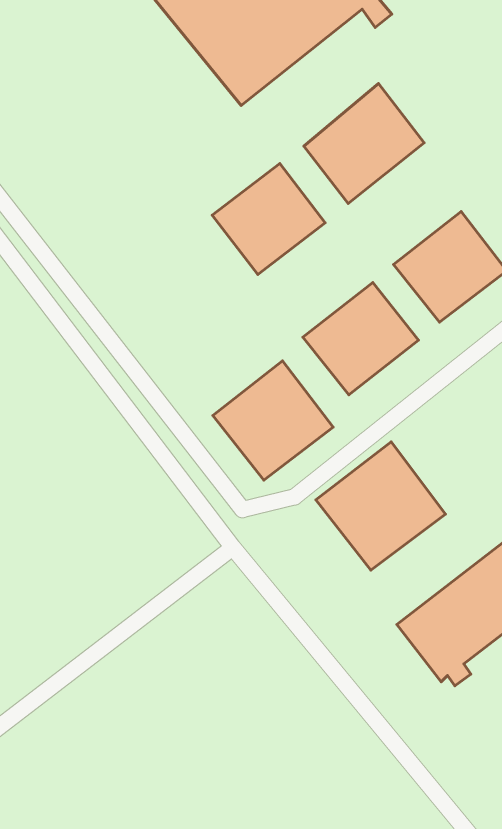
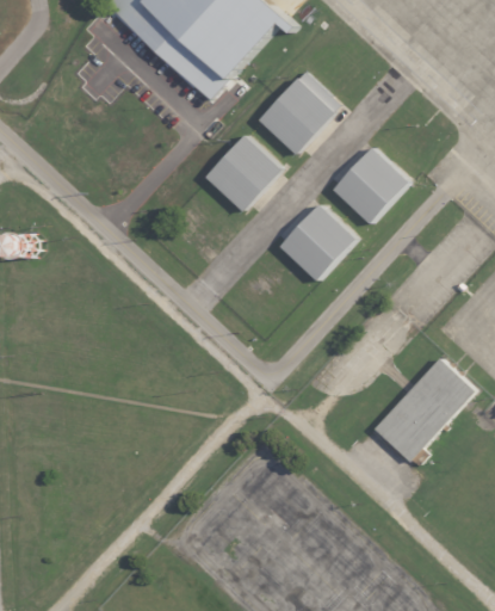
building: [213,361,333,480] -> none
building: [316,442,446,570] -> none

